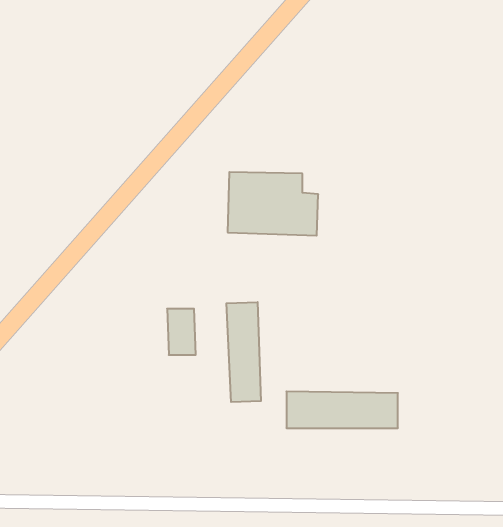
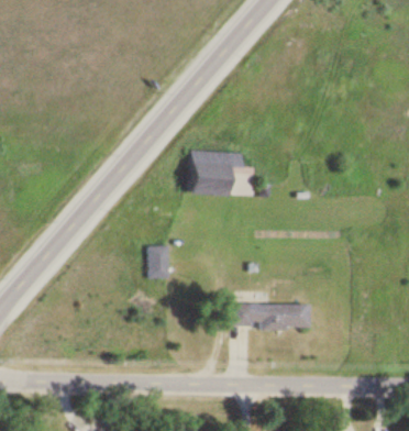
building: [226,302,261,402] -> none

